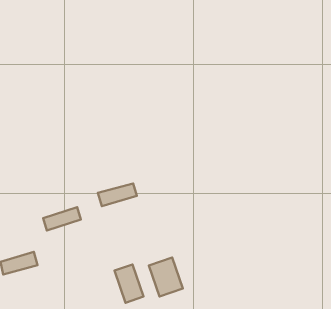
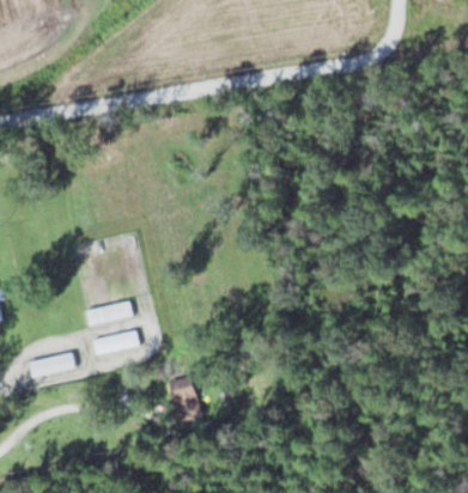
building: [98,184,137,206] -> [91,330,139,355]
building: [149,258,183,296] -> none

